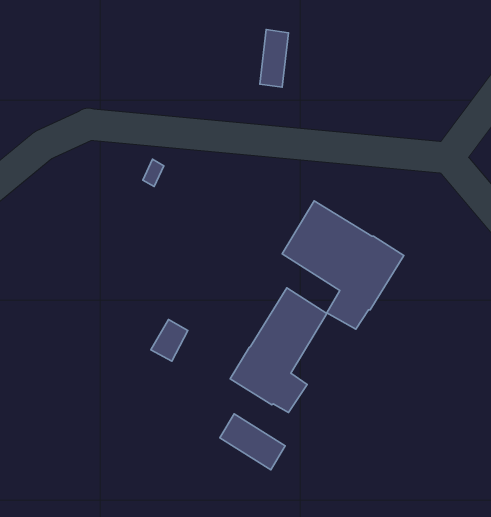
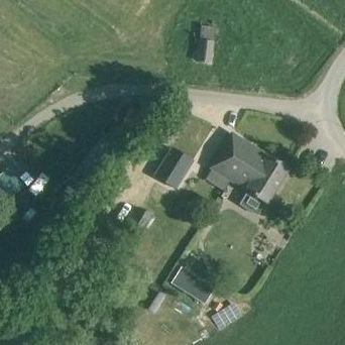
building: none -> [153,146,194,190]
building: [230,288,327,413] -> none

